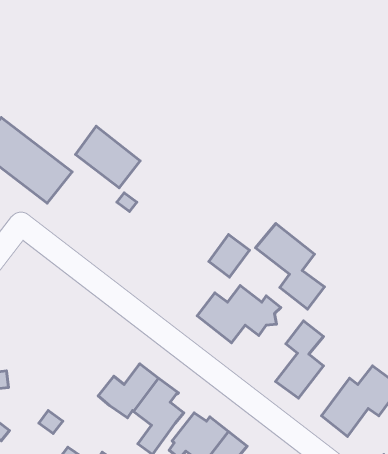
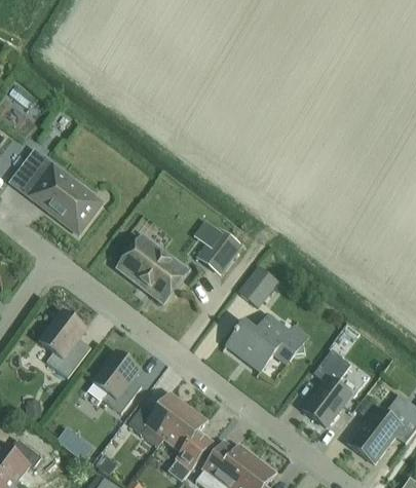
building: [75,126,140,188] -> [121,238,185,299]
building: none -> [195,228,240,274]
building: [255,224,324,309] -> none
building: none -> [41,311,91,378]
building: none -> [94,351,142,413]

